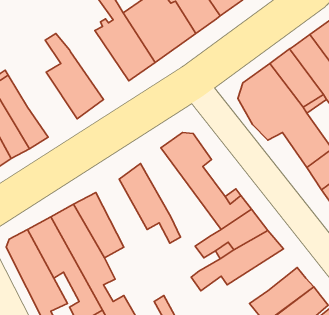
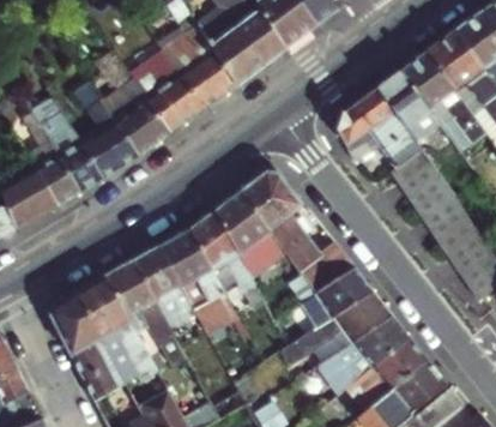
building: none -> [129,25,201,131]
building: none -> [75,80,138,178]
building: none -> [216,191,315,300]
building: none -> [161,229,242,336]
building: none -> [303,315,409,386]

